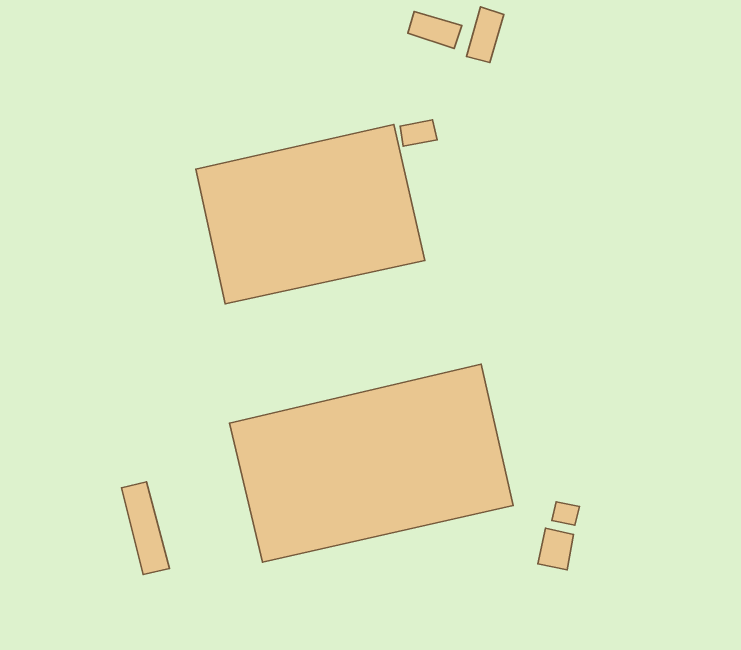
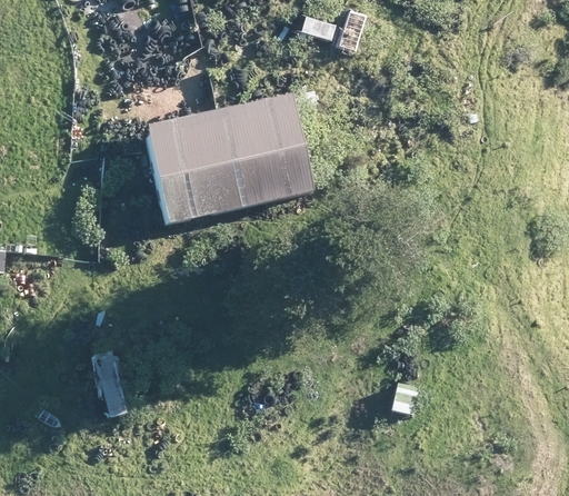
building: [229,364,513,562] -> none

